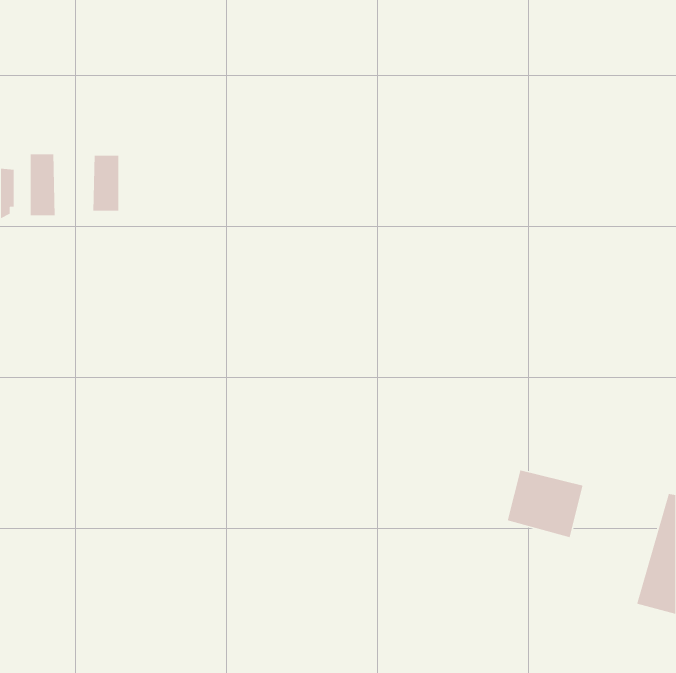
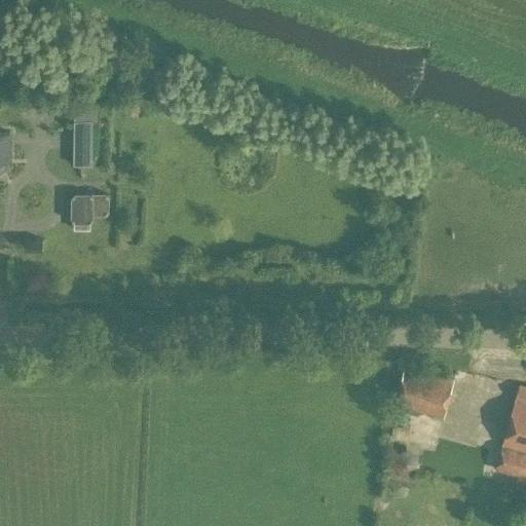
building: [30,154,56,216] -> none
building: none -> [71,195,107,231]

